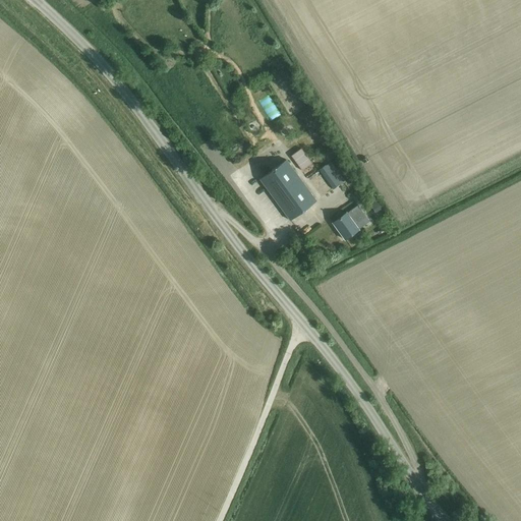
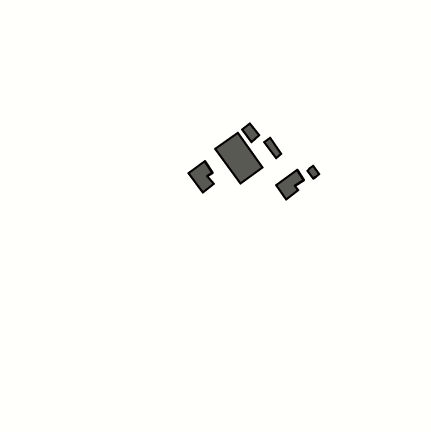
building: none -> [189,161,214,192]

